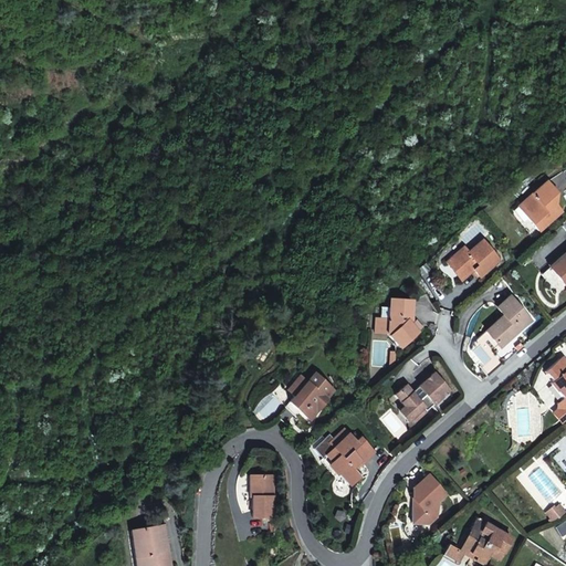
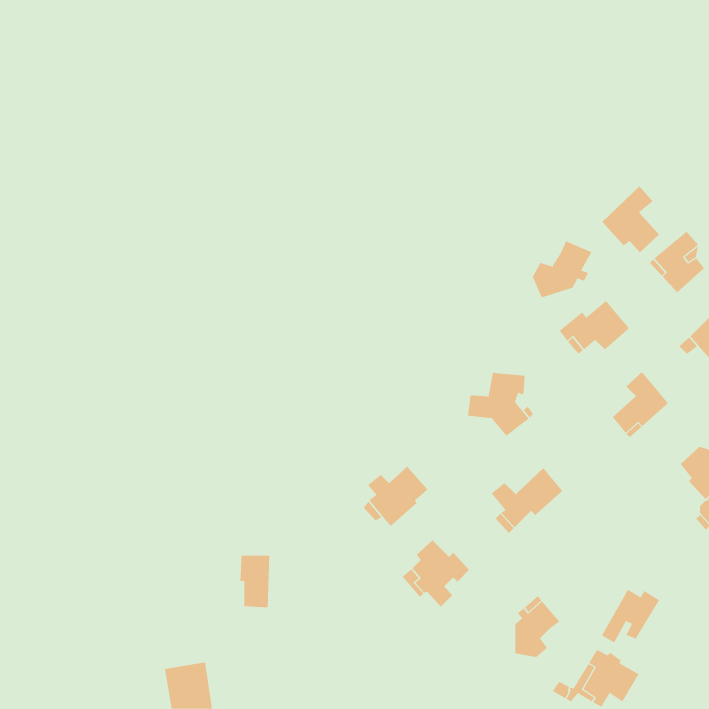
building: none -> [601,186,660,253]
building: none -> [532,240,592,298]
building: none -> [601,589,660,643]
building: [254,472,279,514] -> [239,555,270,608]

